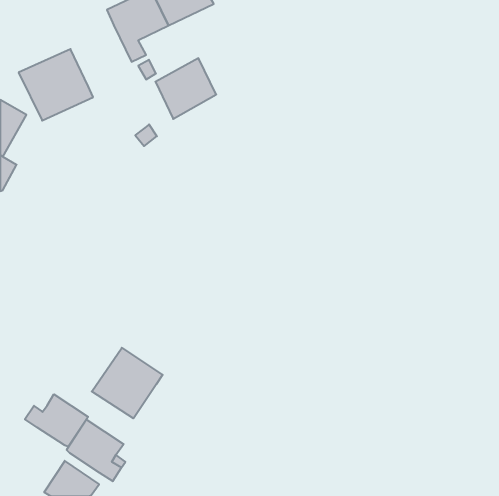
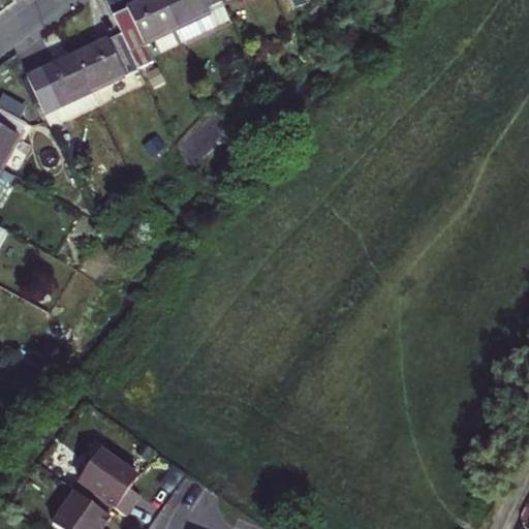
building: [155,58,216,119] -> [76,27,141,91]
building: [92,348,163,418] -> none
building: [25,394,88,447] -> none

